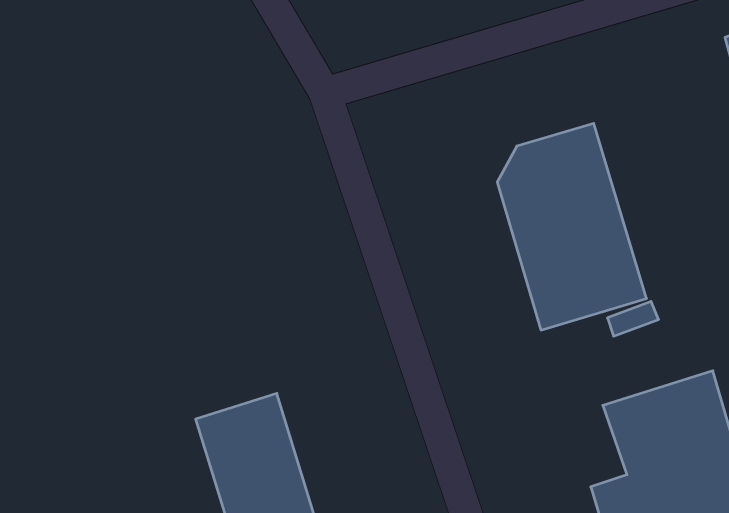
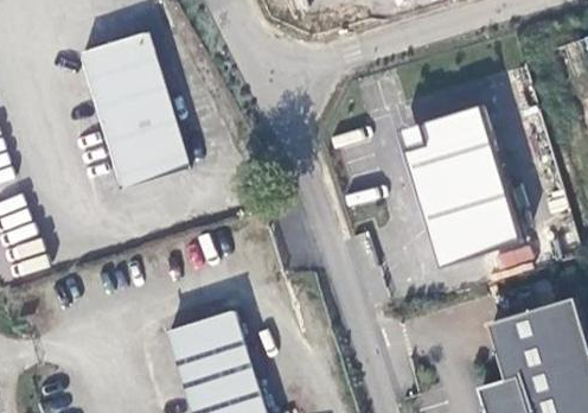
building: none -> [82,31,188,186]

